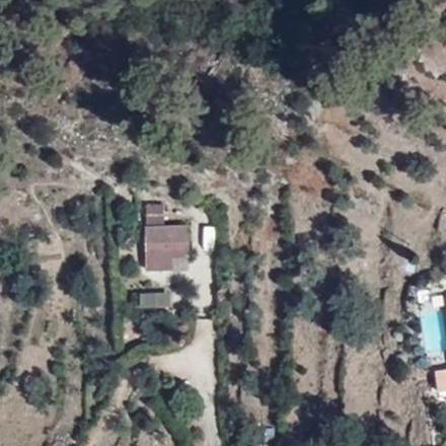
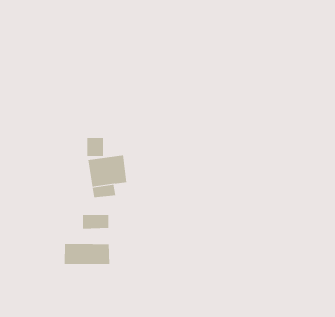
building: none -> [64,243,110,265]

